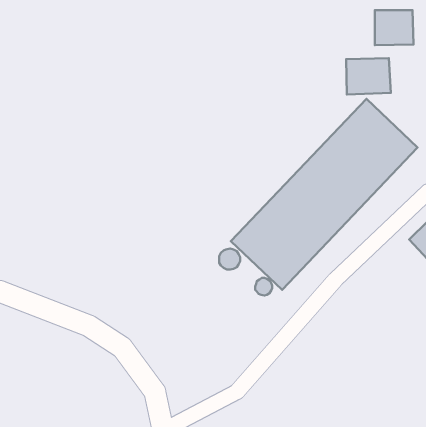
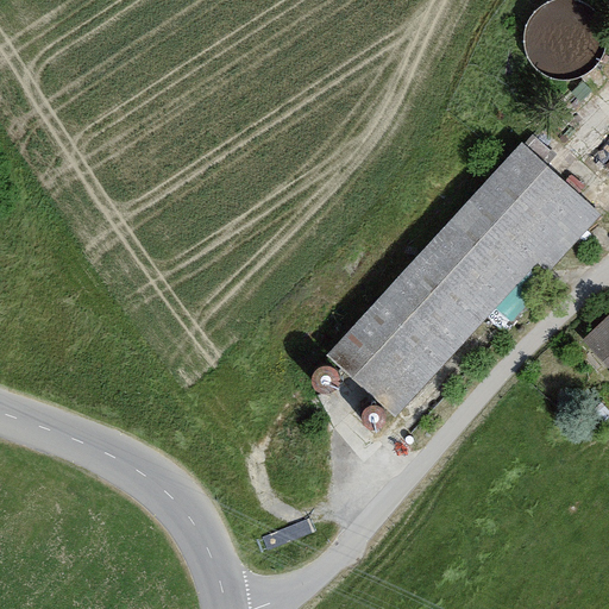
building: [346,58,391,95] -> none

